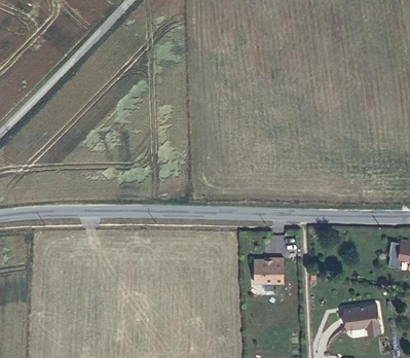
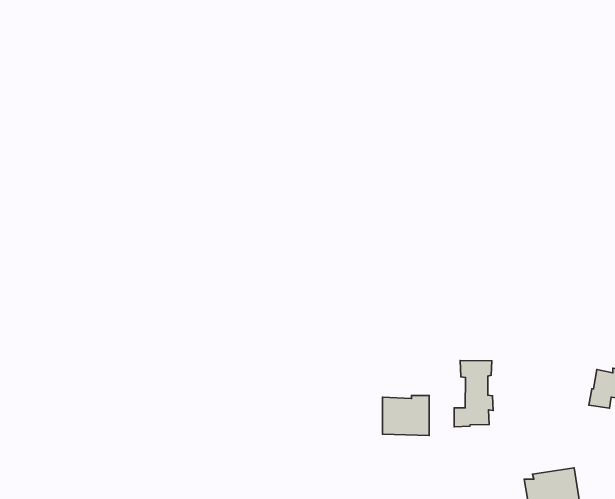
building: none -> [454,361,493,427]

